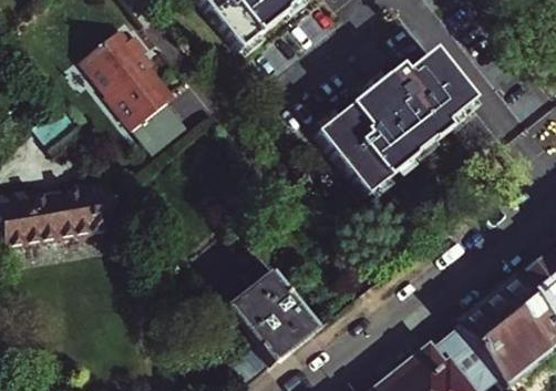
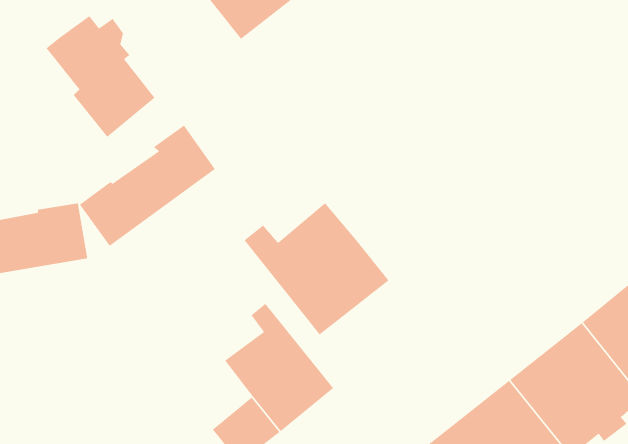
building: [318,50,474,195] -> none
building: none -> [79,124,216,247]
building: none -> [244,202,389,335]

